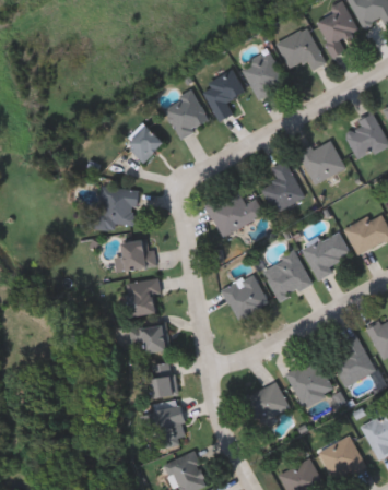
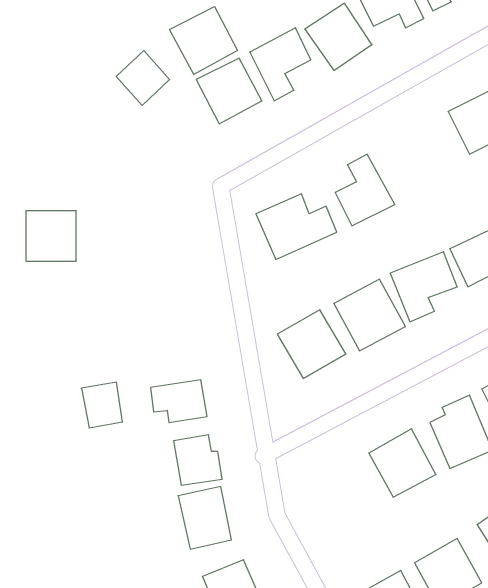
building: none -> [170,7,237,75]
building: [122,123,161,163] -> [116,51,170,105]
building: [298,139,344,184] -> none
building: [98,188,134,224] -> [26,211,76,261]
building: [114,238,155,270] -> none
building: [125,283,154,315] -> [81,382,123,428]
building: [243,382,289,425] -> none

